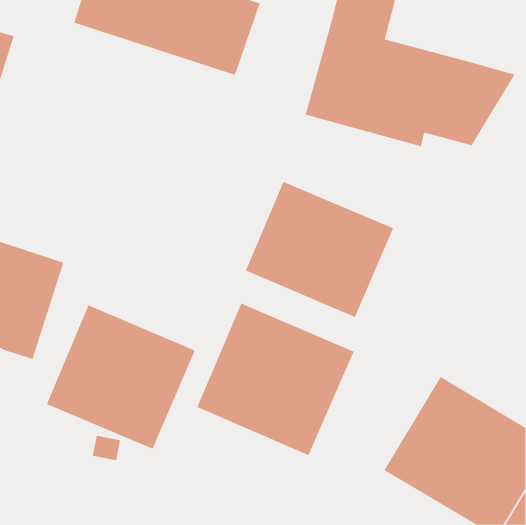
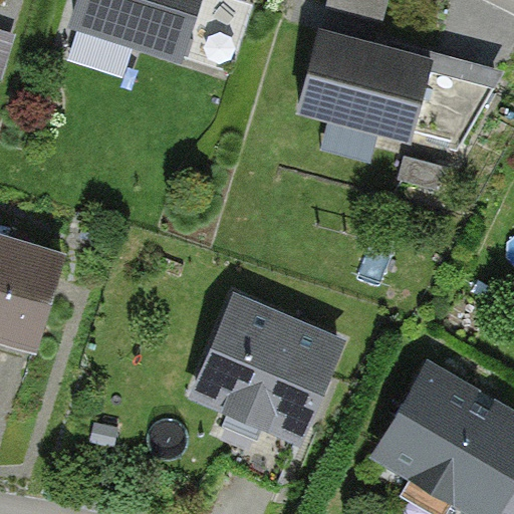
building: [245,181,394,318] -> none
building: [46,304,195,450] -> none

